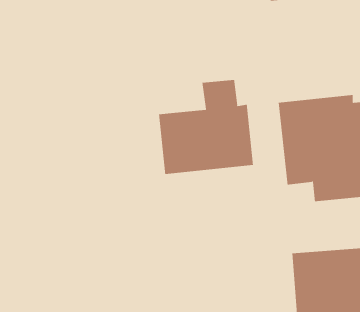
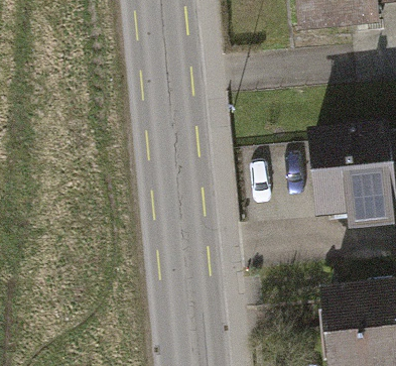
building: [159,79,254,175] -> none

